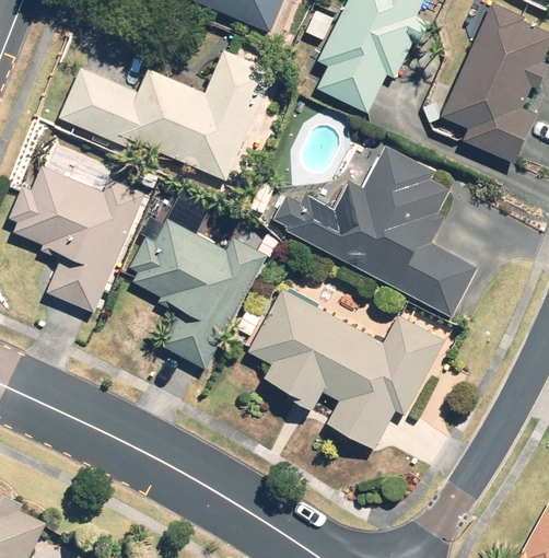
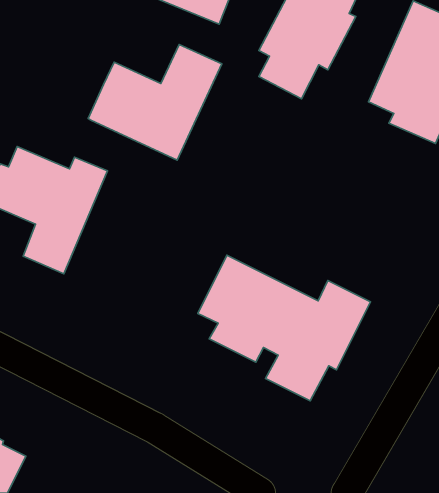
building: [57,68,140,148] -> none
building: [271,144,476,316] -> none
building: [128,218,264,369] -> none

